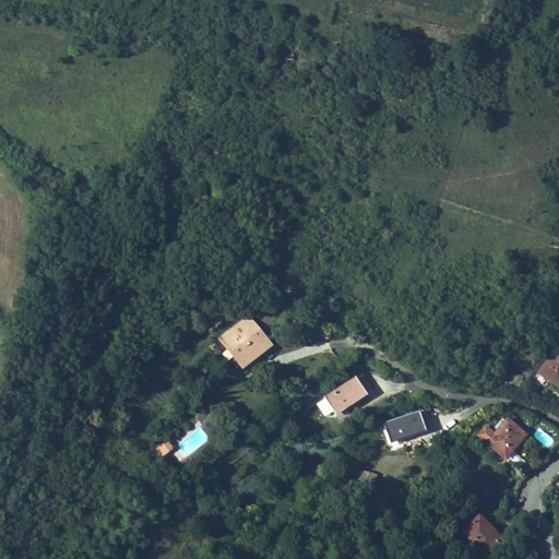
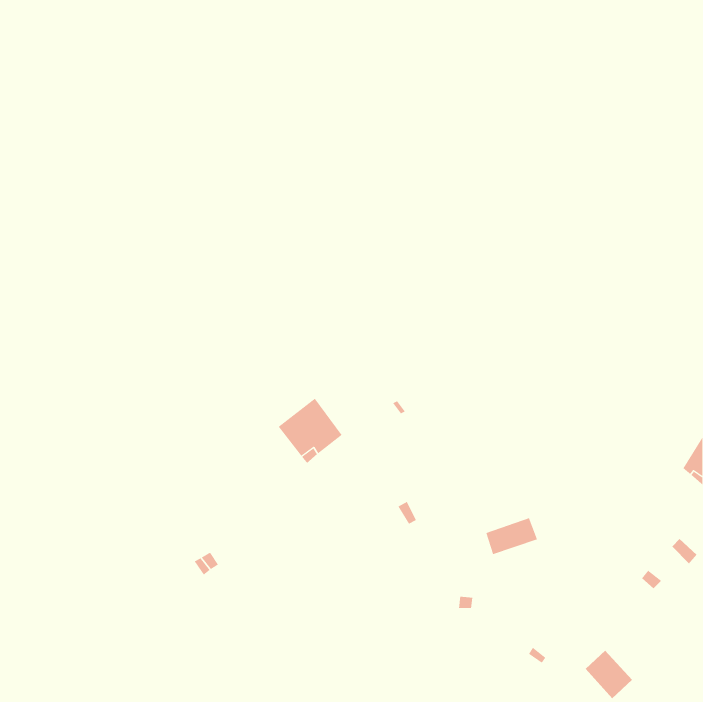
building: [325,372,373,413] -> none
building: [479,418,527,457] -> none

